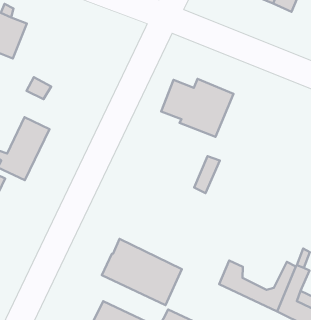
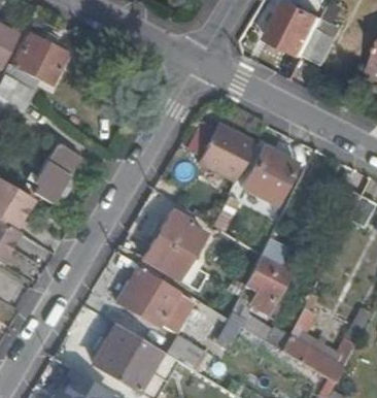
building: none -> [244,147,296,203]
building: none -> [141,203,207,279]
building: none -> [245,237,289,313]

